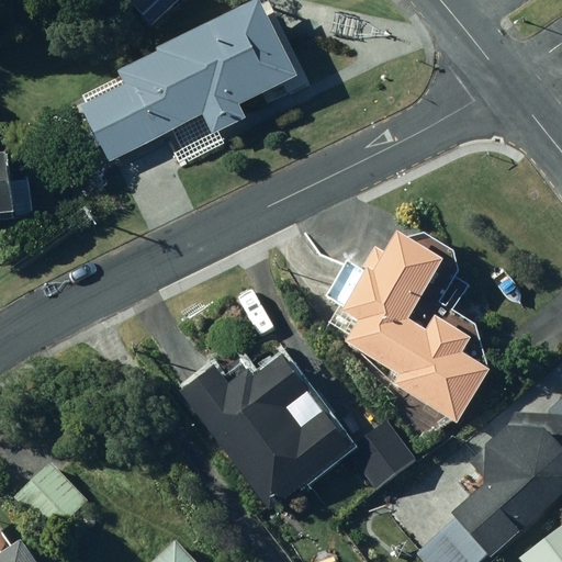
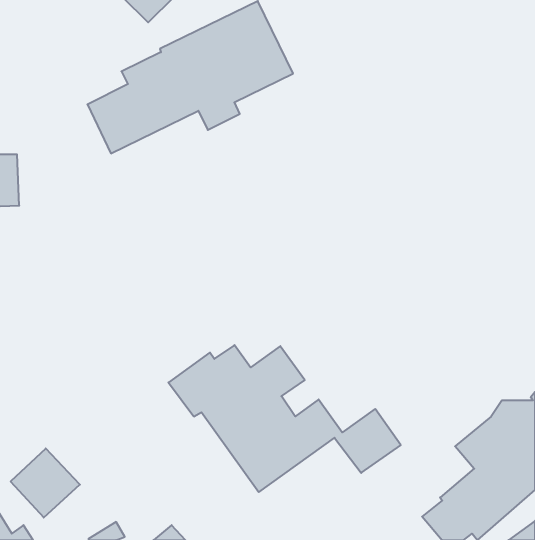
building: [325,233,488,422] -> none

